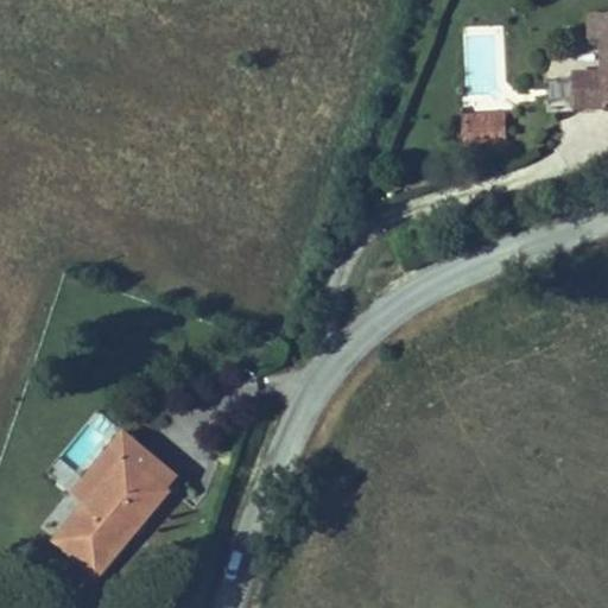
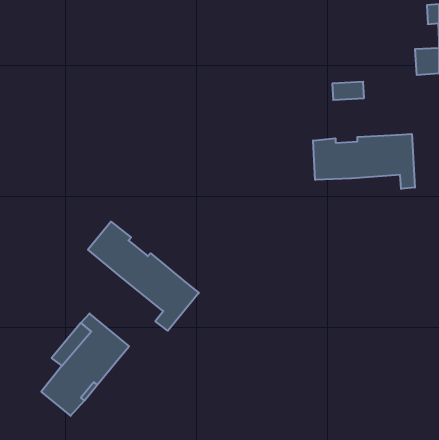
building: none -> [313,134,415,189]
building: none -> [88,222,199,331]

